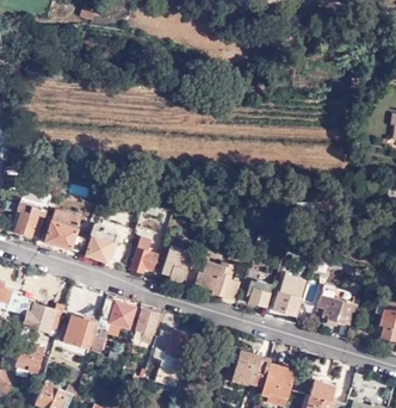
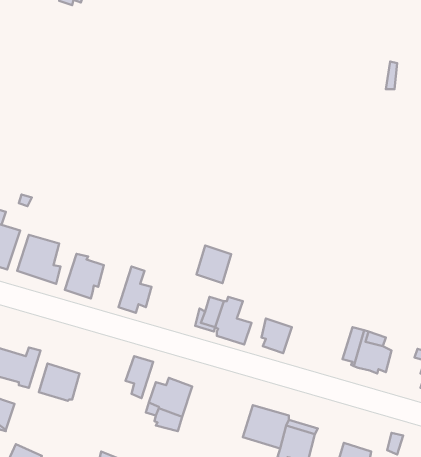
building: [161,247,190,278] -> [197,246,231,283]
building: [274,276,304,316] -> none
building: [89,298,135,351] -> none

